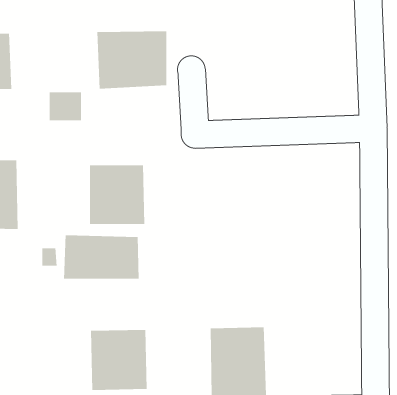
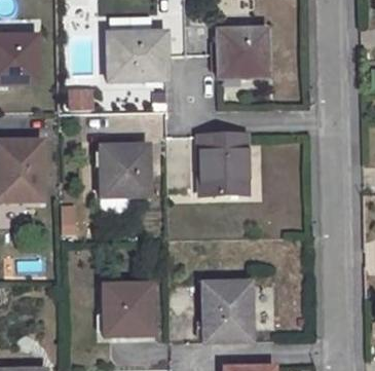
building: none -> [217,27,268,77]
building: none -> [198,135,246,195]
building: [64,235,139,280] -> none

